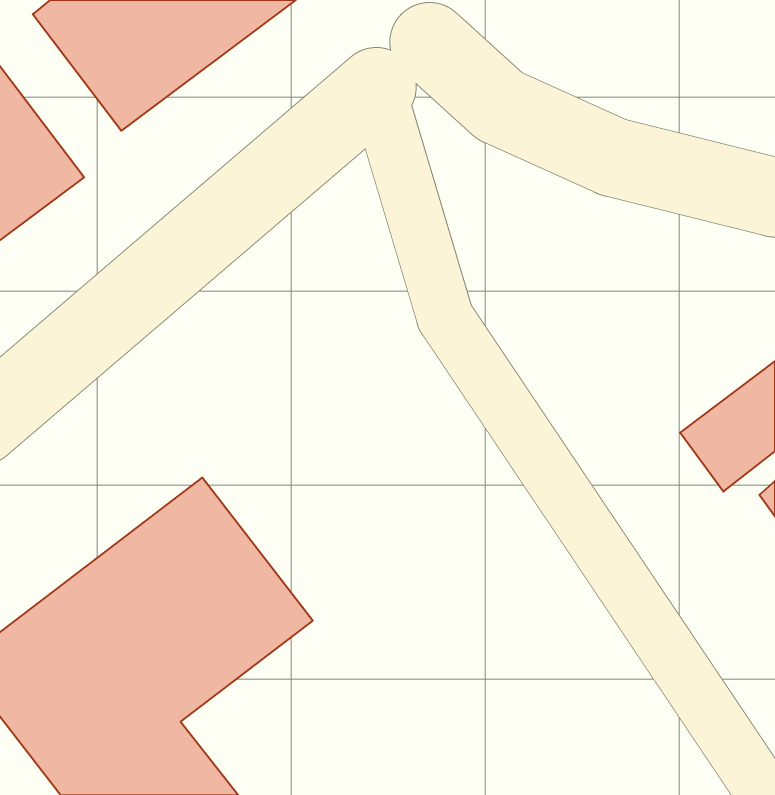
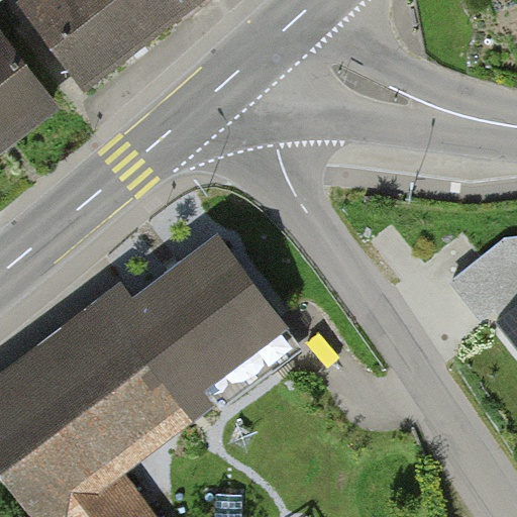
building: none -> [131,237,297,403]

